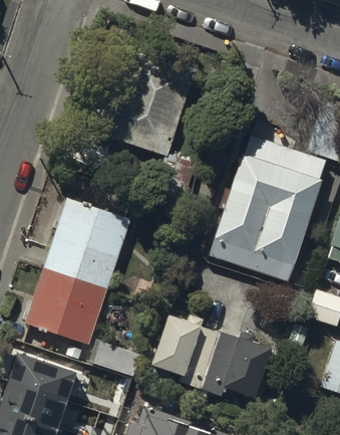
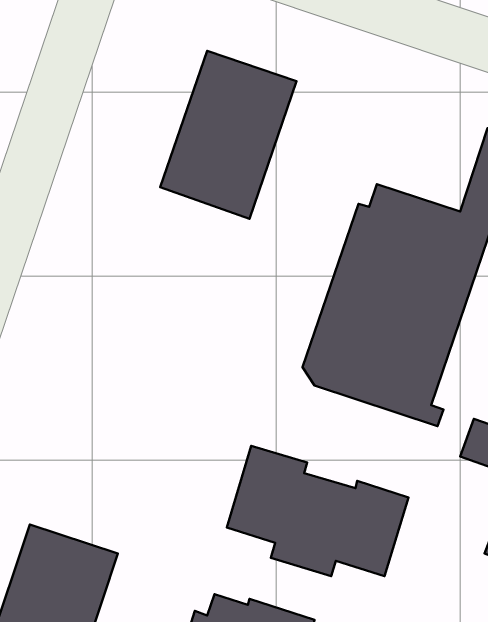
building: [24,190,134,345] -> none

